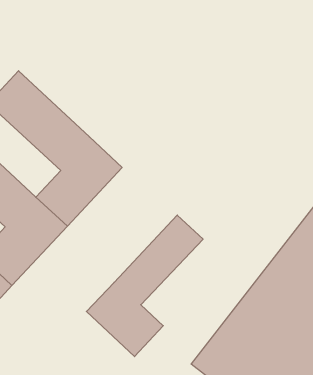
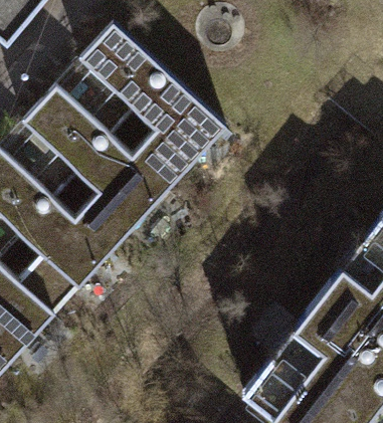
building: none -> [83,27,226,193]
building: [86,215,203,357] -> none

